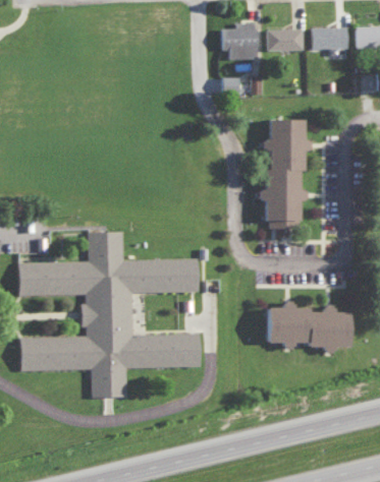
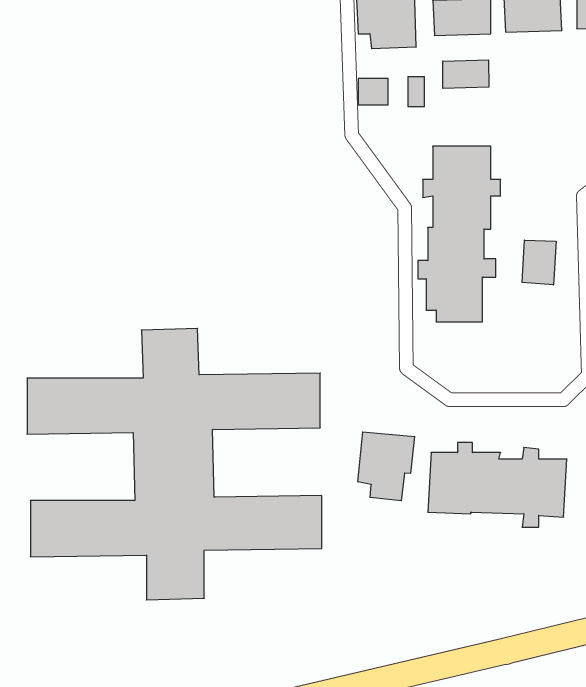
building: none -> [443,60,489,88]
building: none -> [522,240,556,285]
building: none -> [358,432,414,501]

